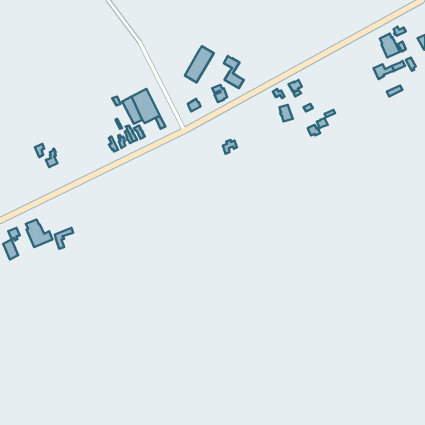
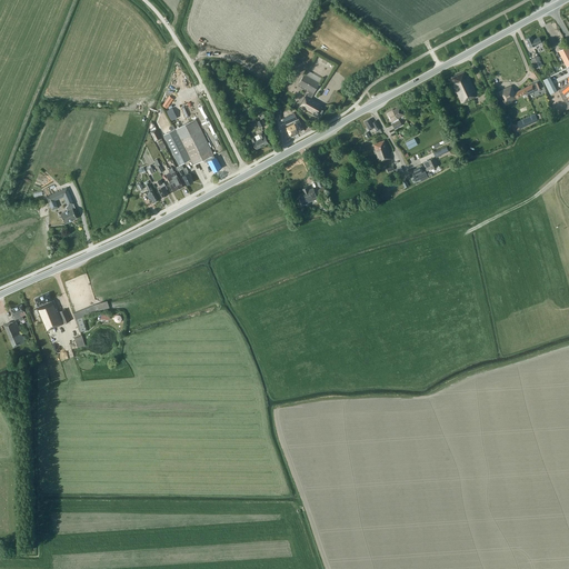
building: [380,34,400,58] -> [451,71,478,103]
building: [185,46,214,83] -> none

